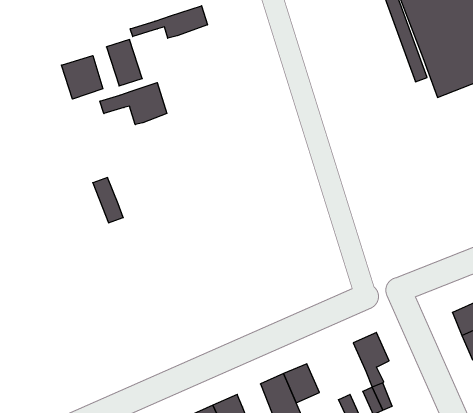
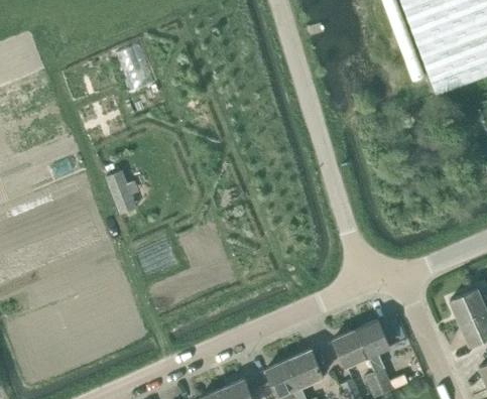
building: [130,6,207,38] -> none
building: [61,56,103,99] -> none
building: [100,83,167,125] -> none
building: none -> [333,329,367,367]

